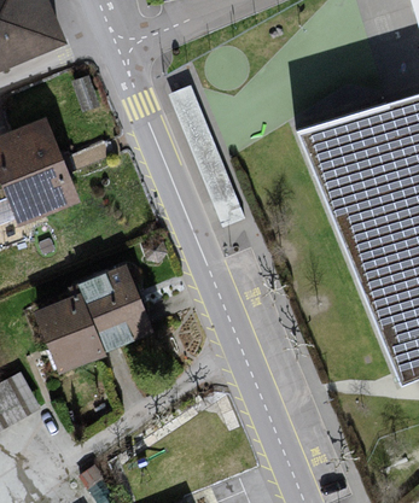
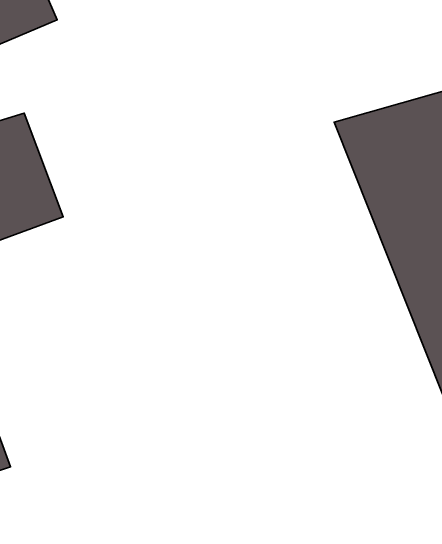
building: [34,267,152,376] -> none

